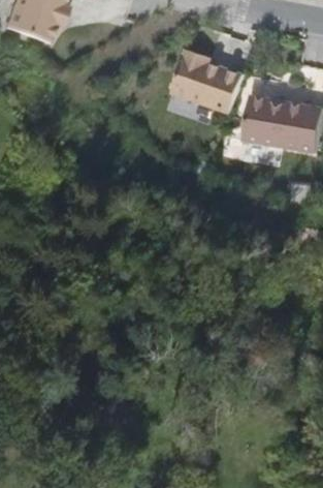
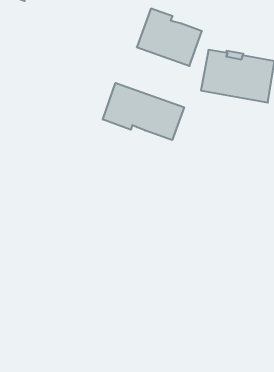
building: none -> [103,83,184,140]

